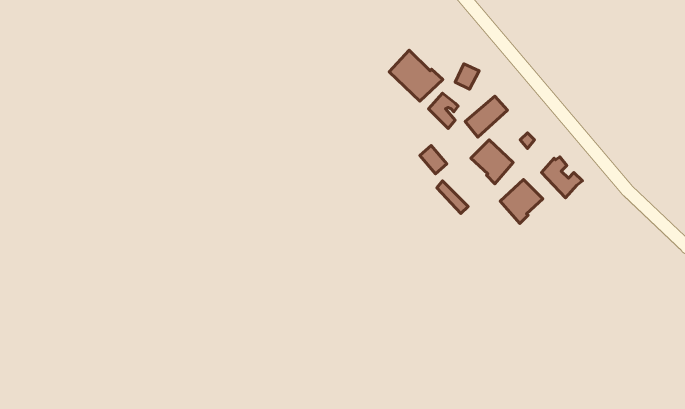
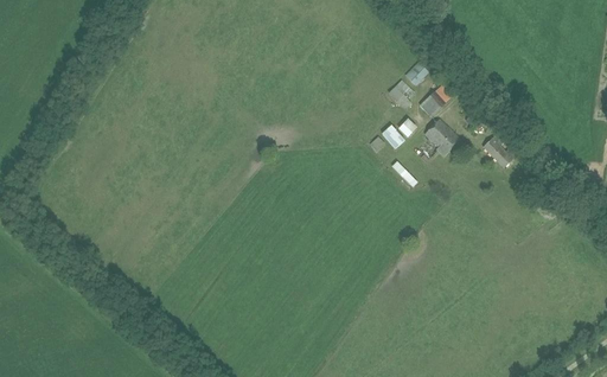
building: [389,50,443,101] -> none
building: [500,180,543,223] -> none

